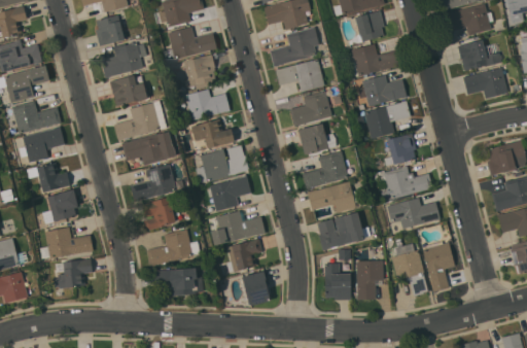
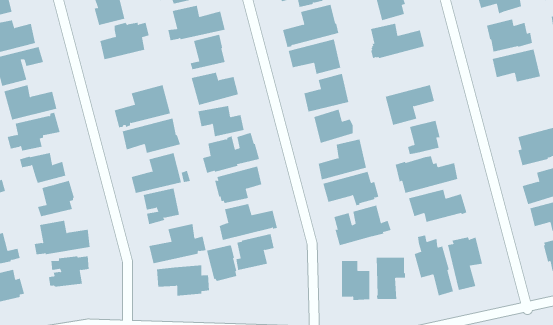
building: [362,74,407,105] -> none
building: [110,75,149,105] -> none
building: [242,271,271,305] -> [206,245,237,282]

